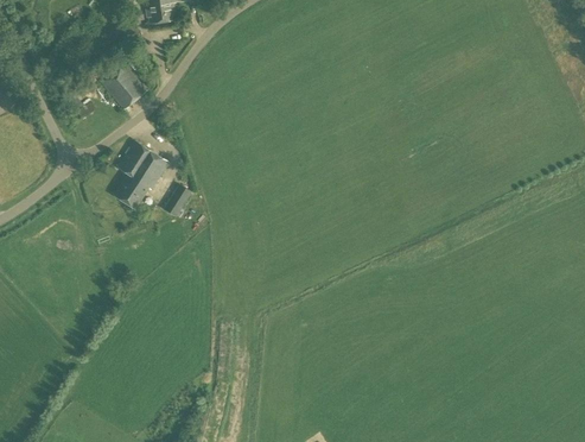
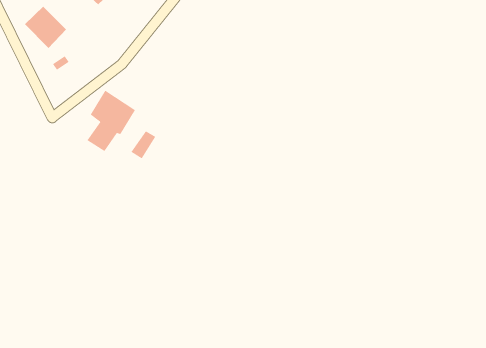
building: [97,63,145,111] -> [24,6,67,49]

